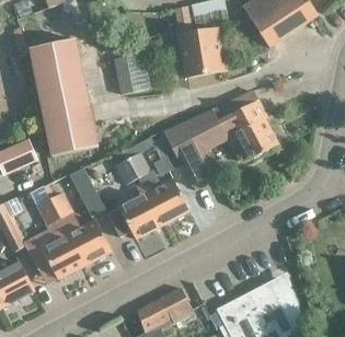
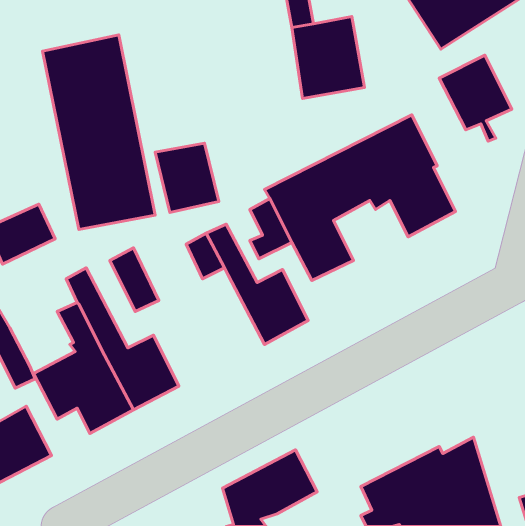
building: none -> [439,55,512,141]
building: [113,55,151,96] -> [155,143,219,212]
building: [108,183,163,239] -> none

